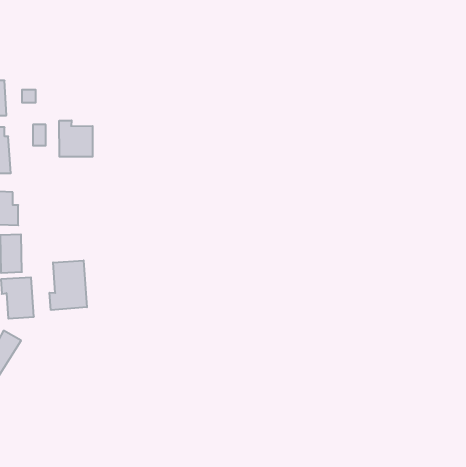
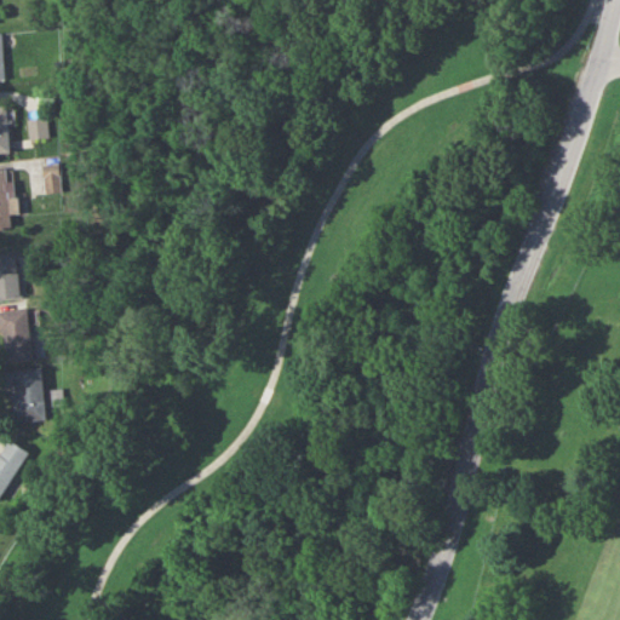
building: [59,120,93,157] -> none
building: [50,260,87,310] -> none

